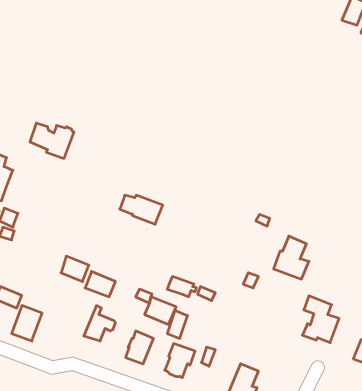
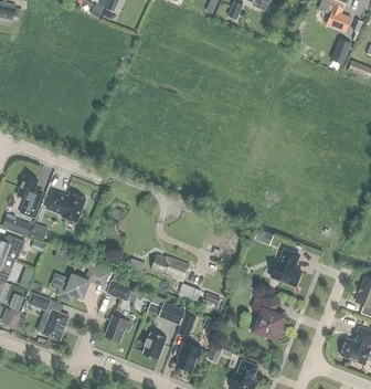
building: [30,123,74,158] -> [46,190,85,221]
building: [120,195,163,224] -> [151,255,189,281]
building: none -> [52,275,87,297]
building: [302,296,339,343] -> [251,296,283,337]

